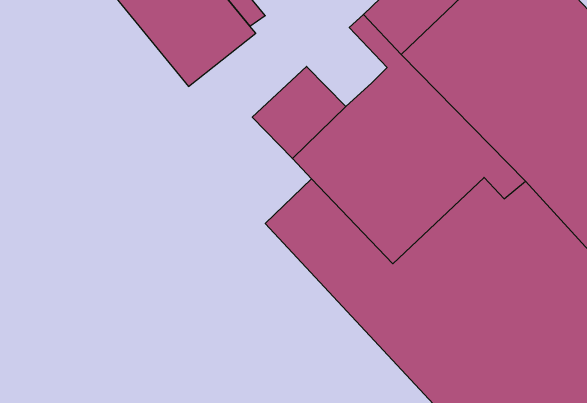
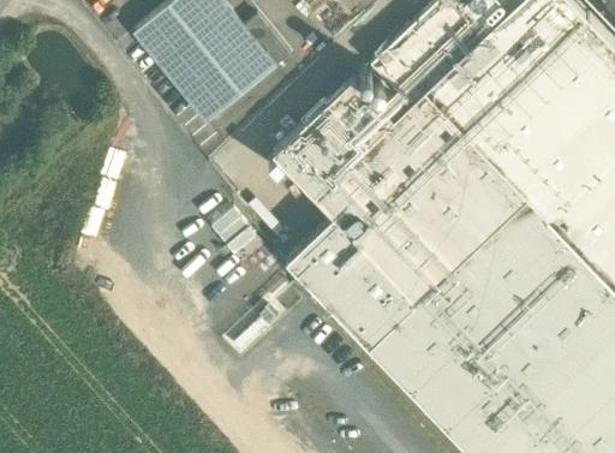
building: none -> [327,77,393,143]

